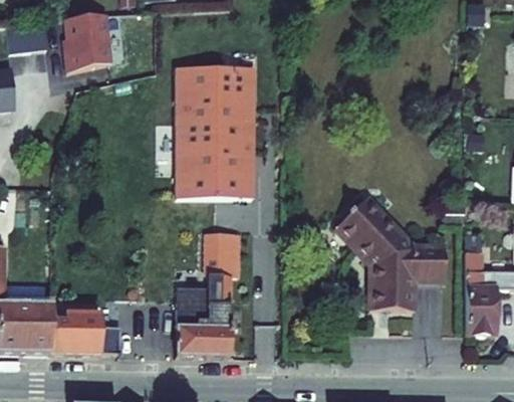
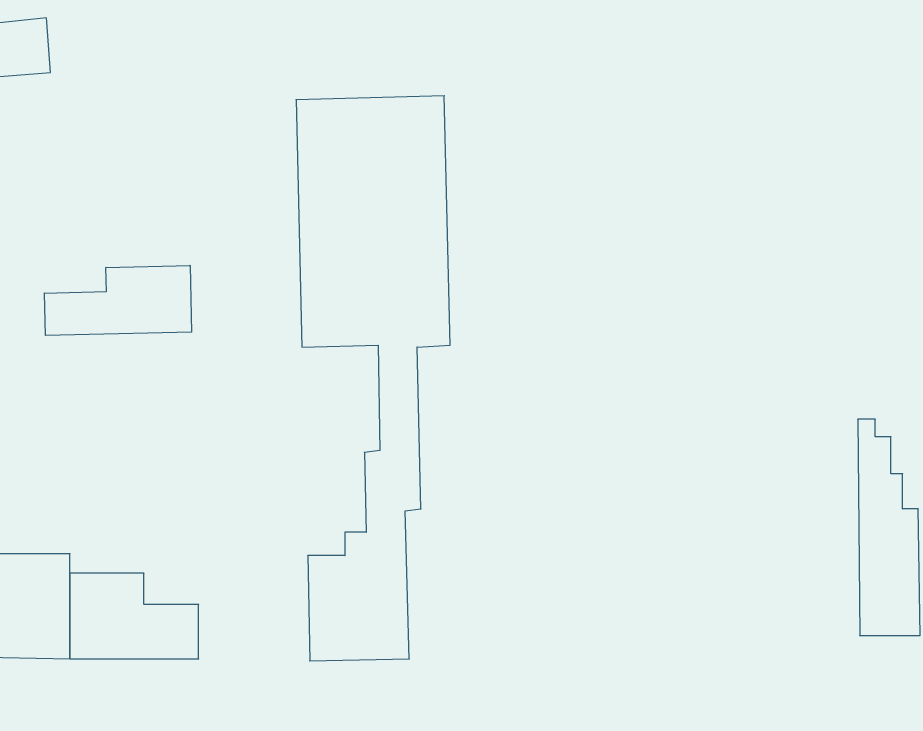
building: [67,15,112,71] -> none
building: none -> [44,265,192,335]
building: [330,197,442,315] -> none

